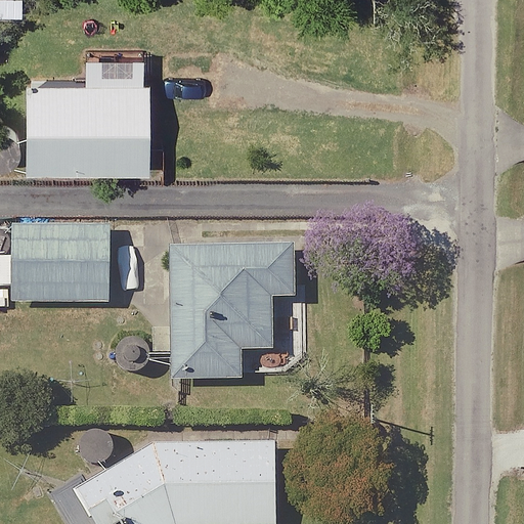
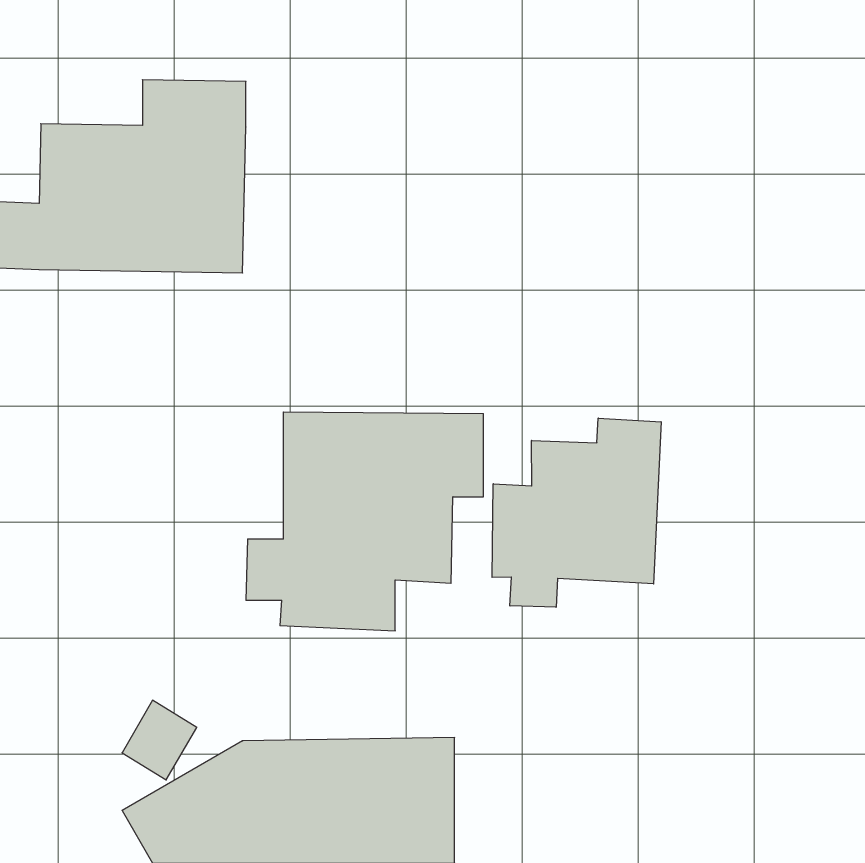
building: [11,223,111,303] -> none
building: none -> [492,418,661,607]

